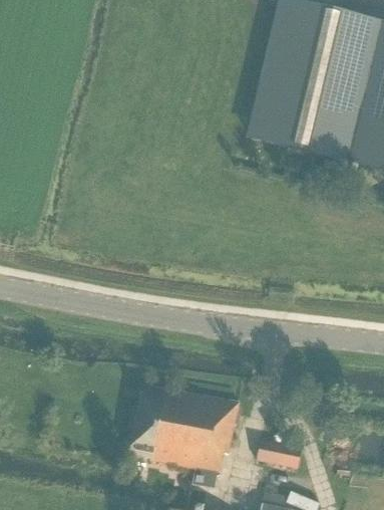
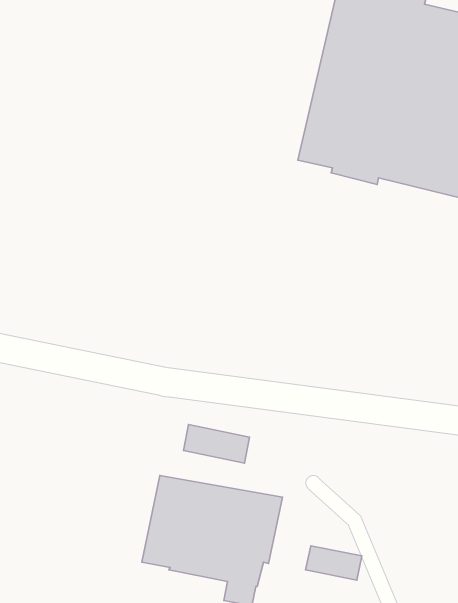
building: none -> [184,425,249,463]

